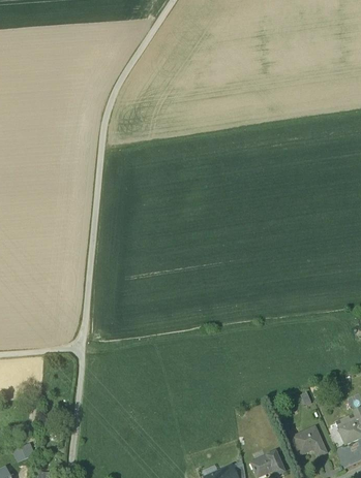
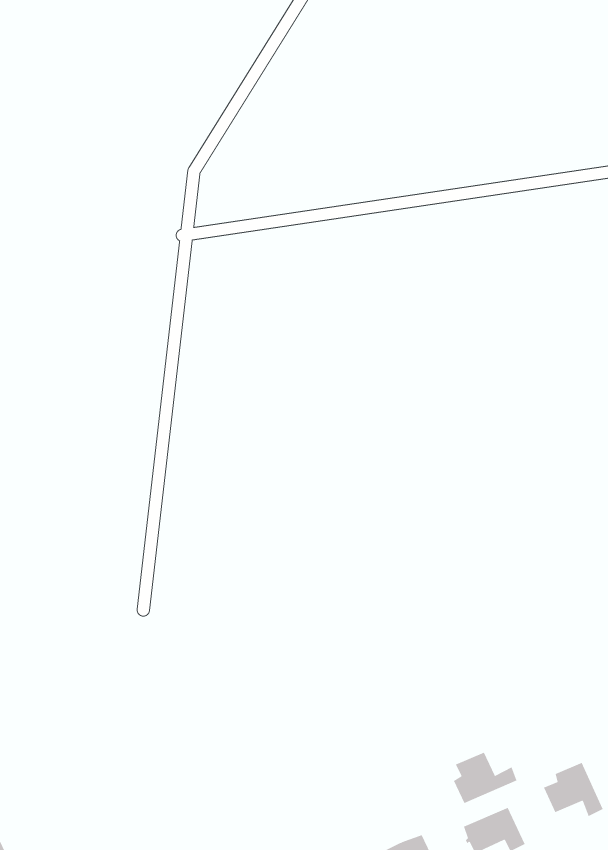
building: none -> [453,752,517,804]

